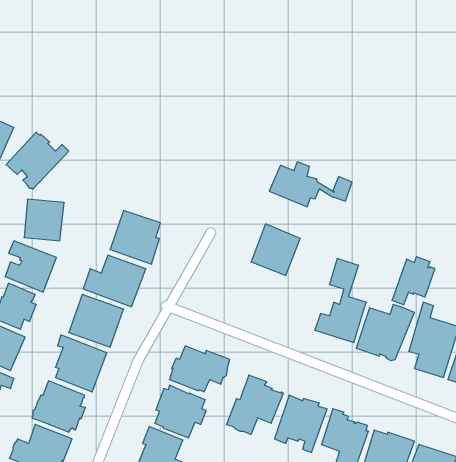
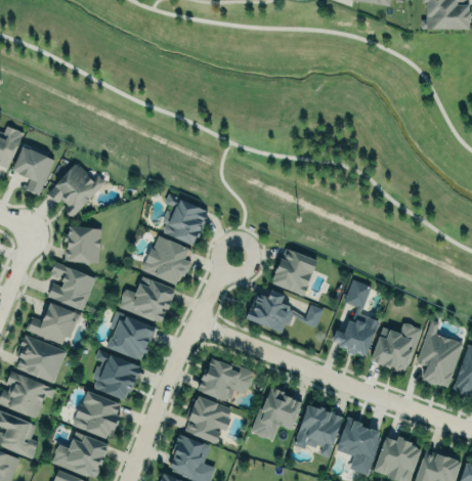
building: [269,162,352,207] -> [247,292,323,333]
building: none -> [162,194,208,247]
building: [392,257,435,305] -> none

